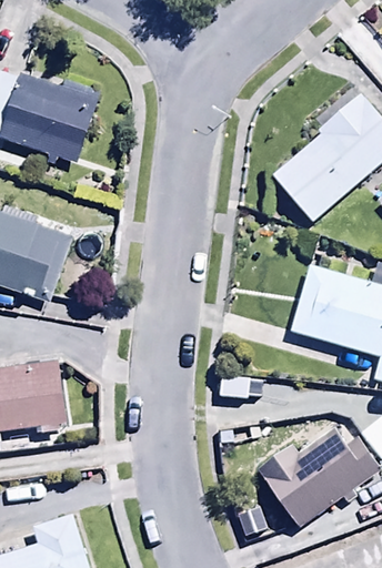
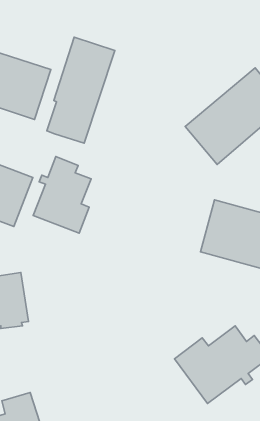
building: none -> [47,37,115,143]
building: none -> [33,157,91,233]

